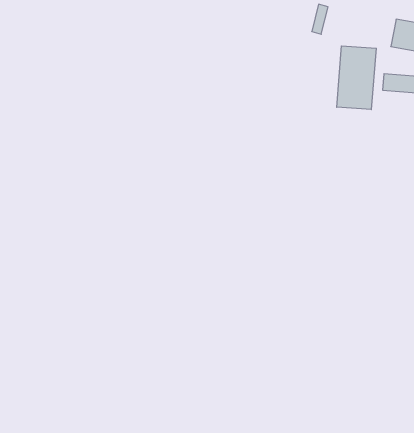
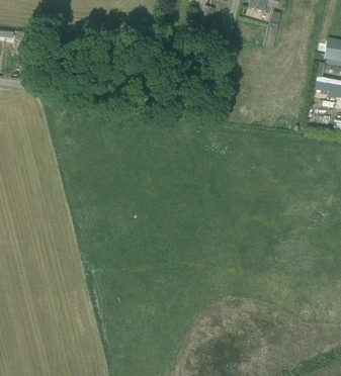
building: [337,46,376,110] -> none

